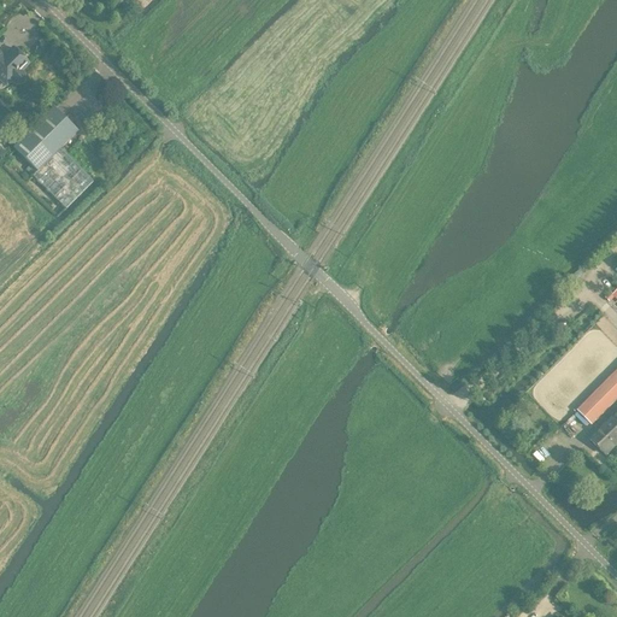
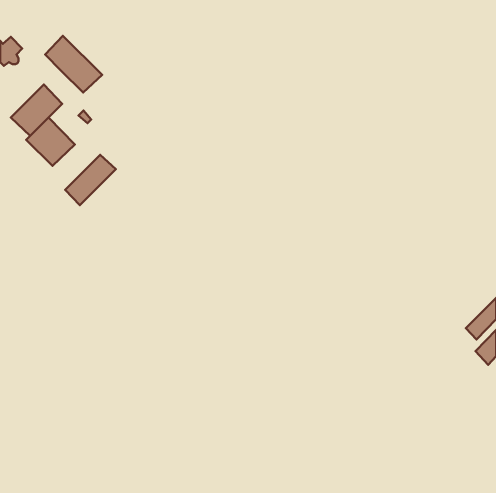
building: none -> [45,36,102,93]
building: none -> [65,155,116,205]

